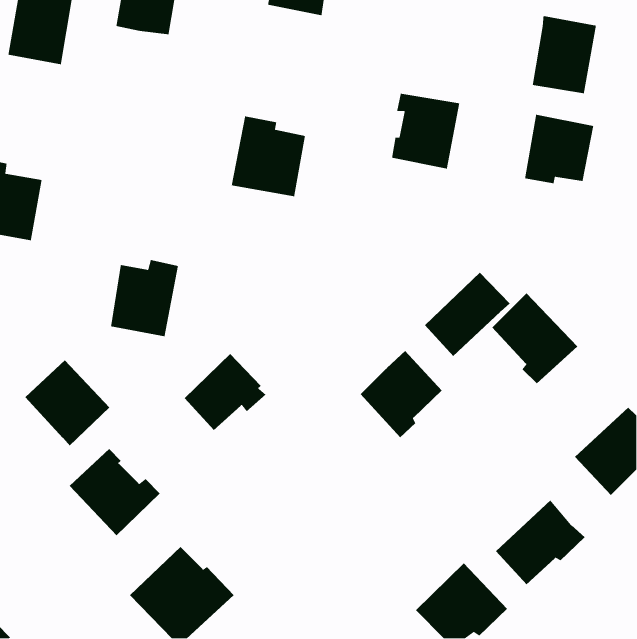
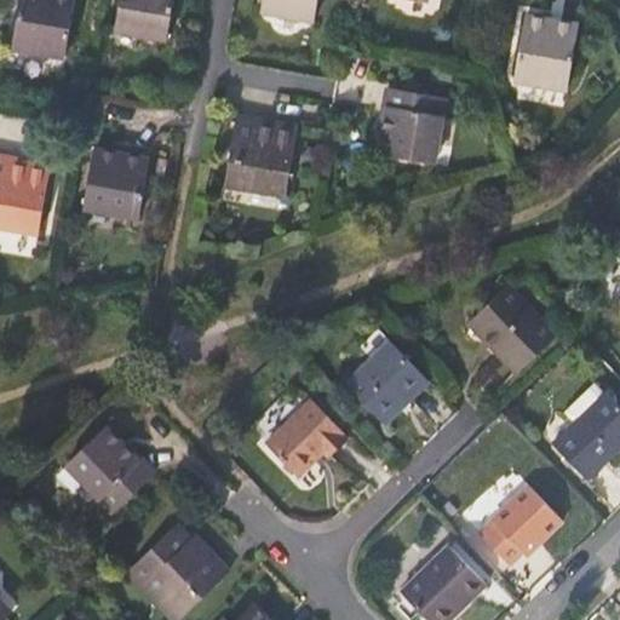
building: [524,114,594,184] -> none
building: [110,259,179,337] -> [80,143,147,218]
building: [424,272,510,357] -> none
building: [184,353,267,431] -> [269,398,349,473]
building: [24,360,110,447] -> none

